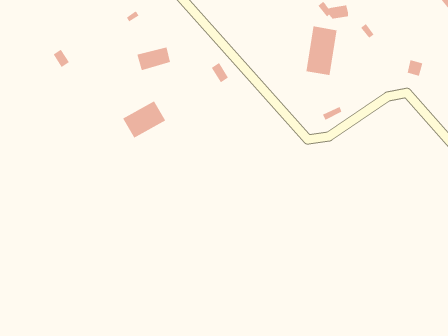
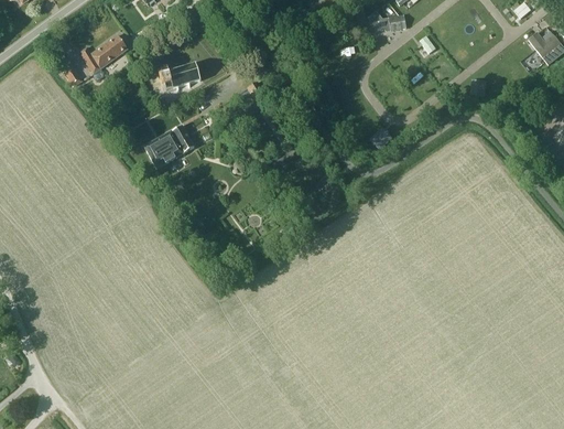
building: none -> [78,33,127,81]
building: [306,26,337,76] -> none

